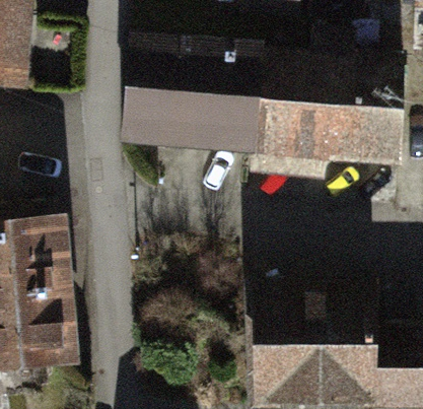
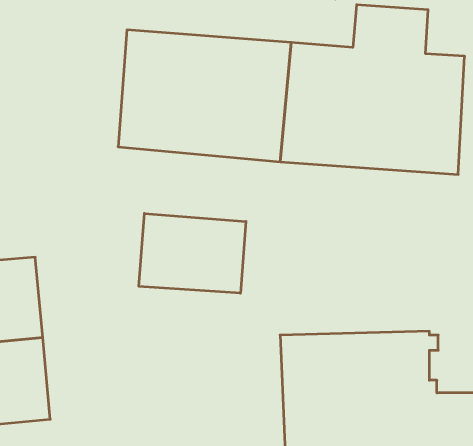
building: none -> [139,213,246,293]

